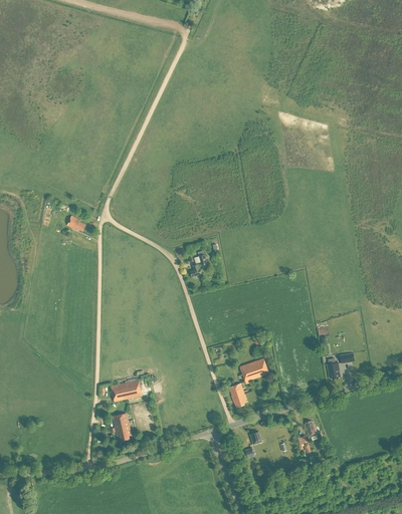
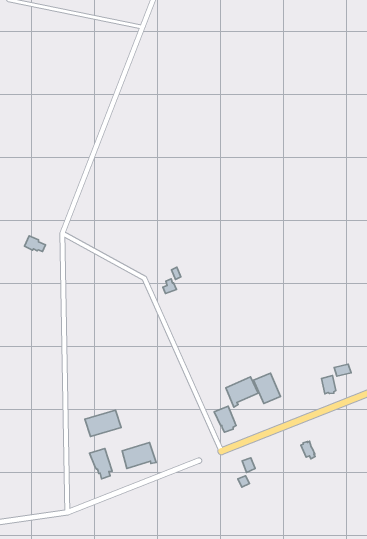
building: none -> [254,373,281,403]
building: none -> [122,442,156,469]

